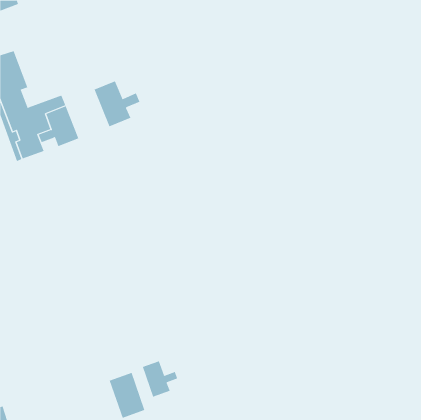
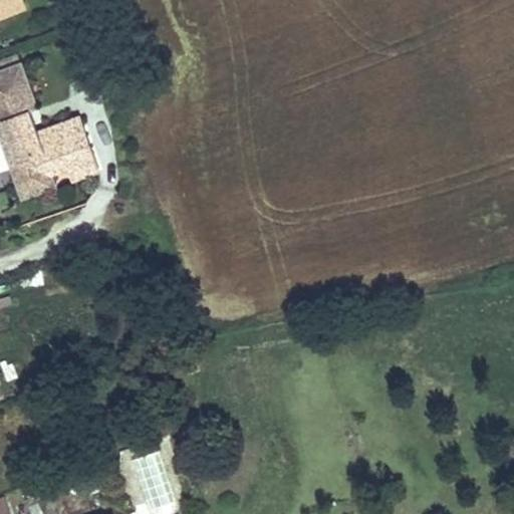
building: [94,81,140,127] -> none
building: [142,361,178,398] -> none

